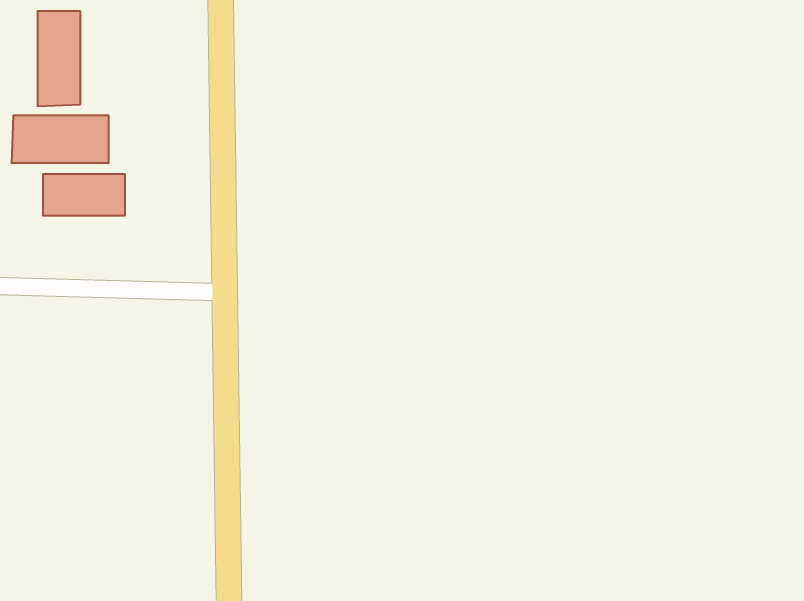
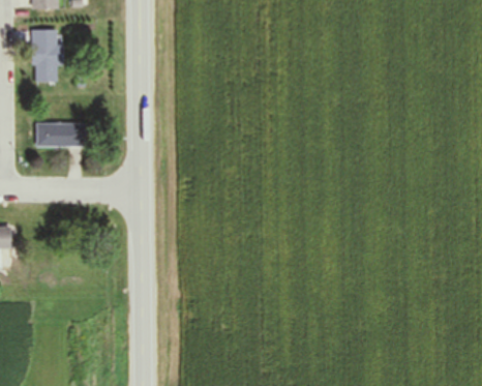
building: [12,115,108,163] -> none

